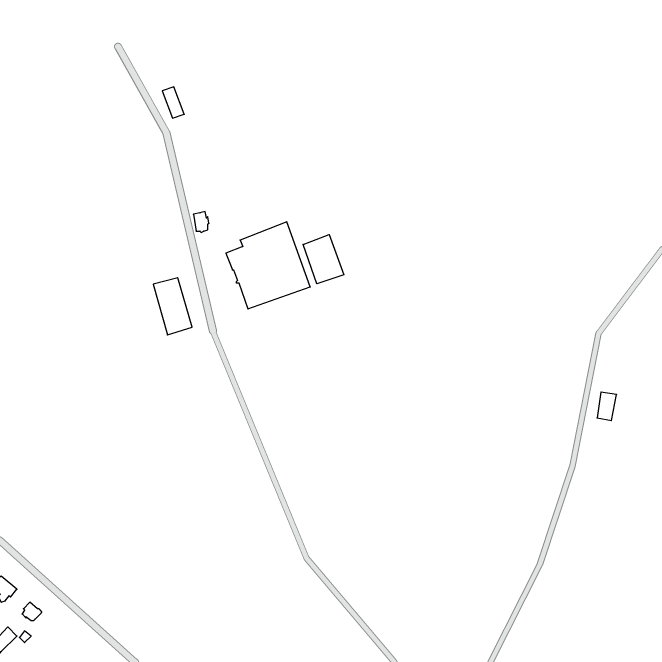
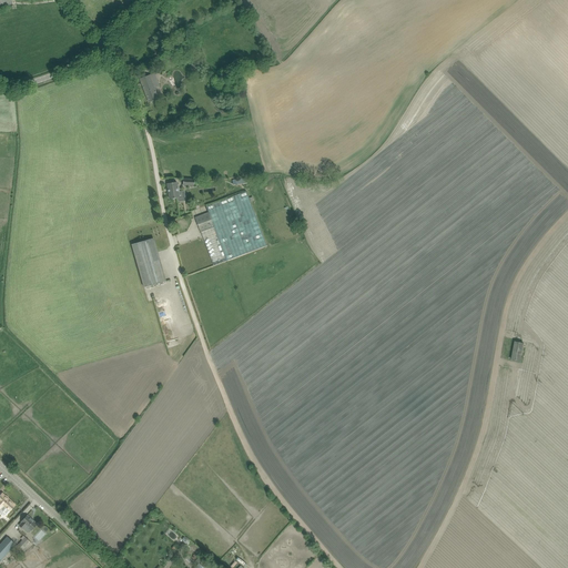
building: [303,235,344,284] -> none

